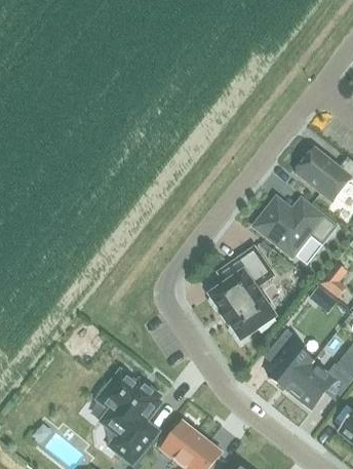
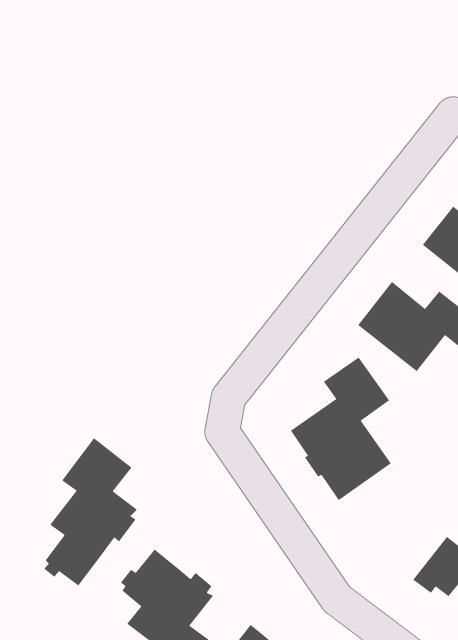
building: none -> [43,437,138,587]
building: [268,331,312,392] -> none

